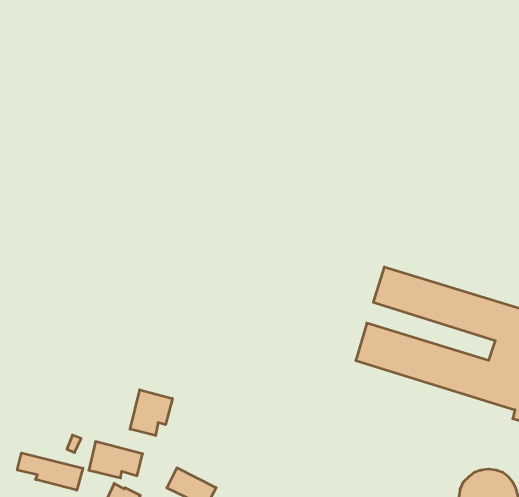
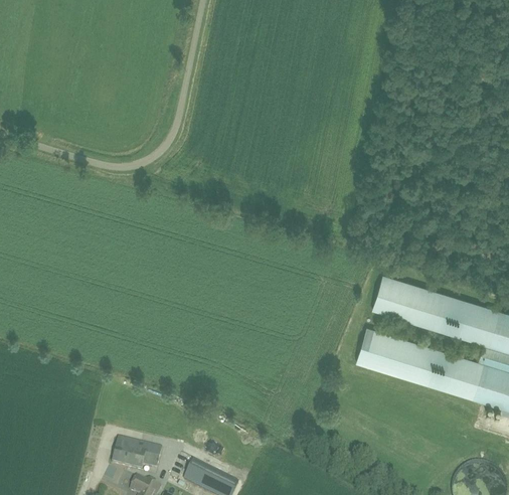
building: [130,390,172,436] -> none
building: [17,453,83,490] -> none

